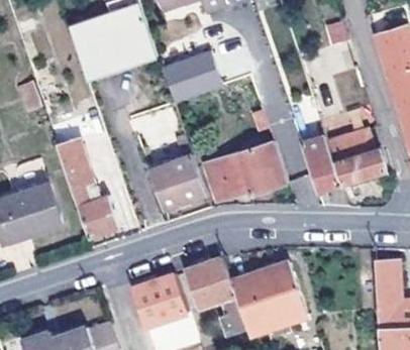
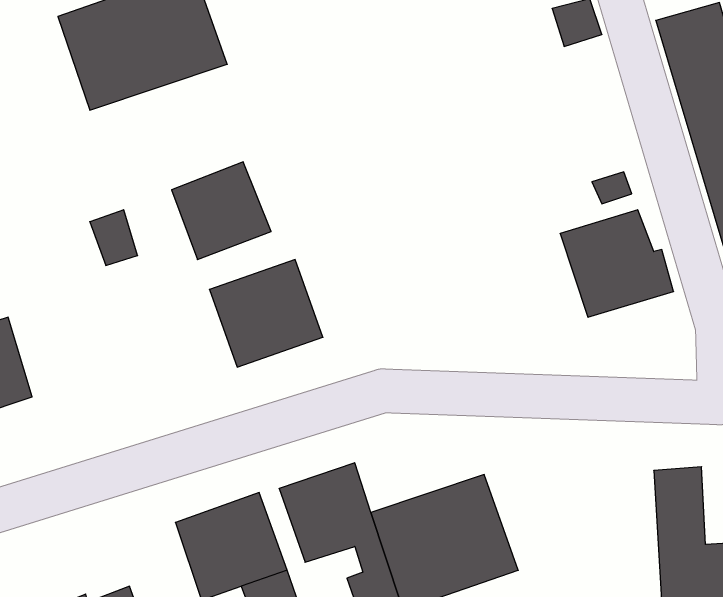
building: [161,50,223,104] -> none
building: [300,134,340,192] -> none
building: [55,139,118,238] -> none
building: [205,140,287,202] -> none

